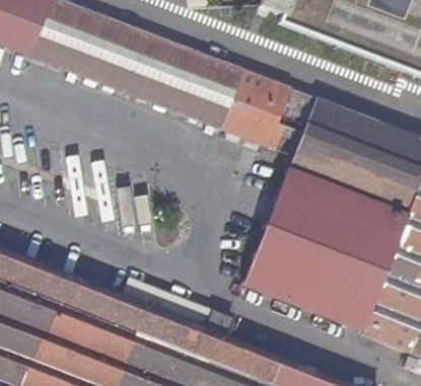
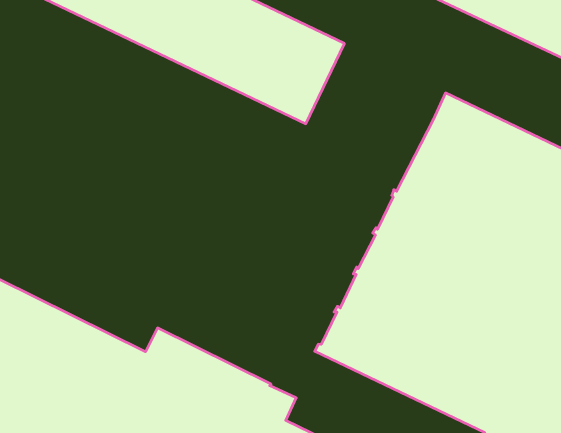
building: [222,72,318,150] -> none

